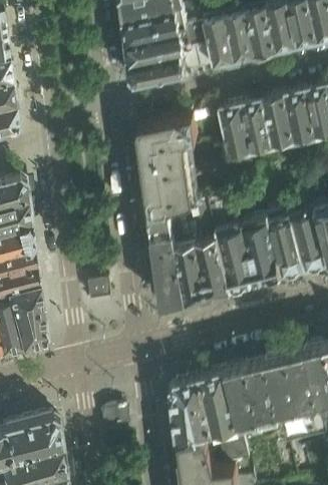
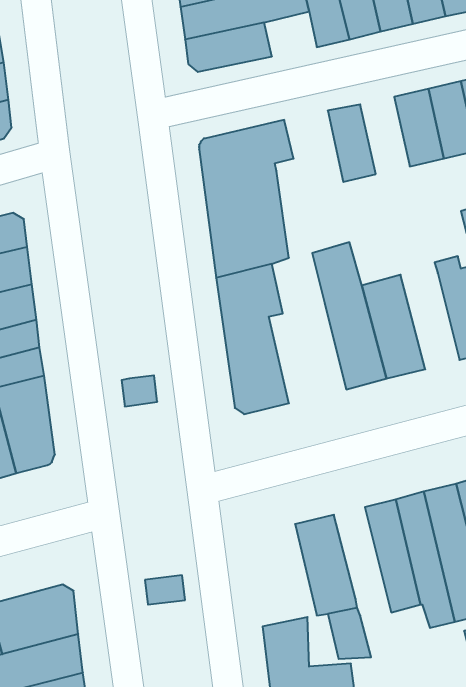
building: [241,101,273,151] -> none
building: [259,183,305,278] -> none
building: [182,202,232,300] -> none
building: [224,367,261,438] -> none
building: [171,378,213,444] -> none

